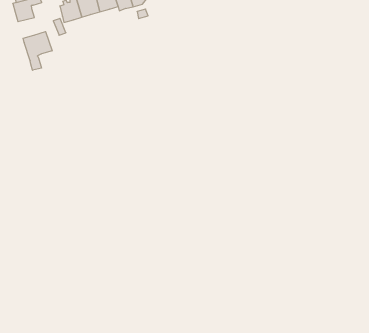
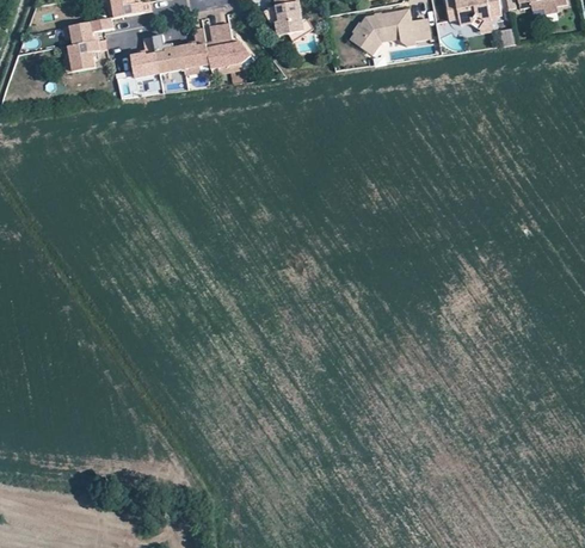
building: [23,32,52,70] -> none

